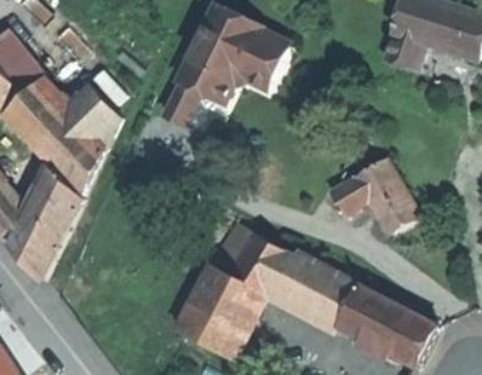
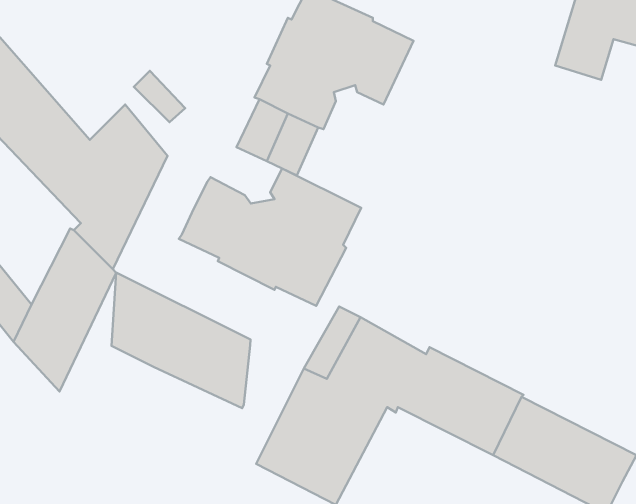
building: none -> [179,168,361,306]
building: [328,157,418,233] -> none
building: none -> [111,272,251,408]

